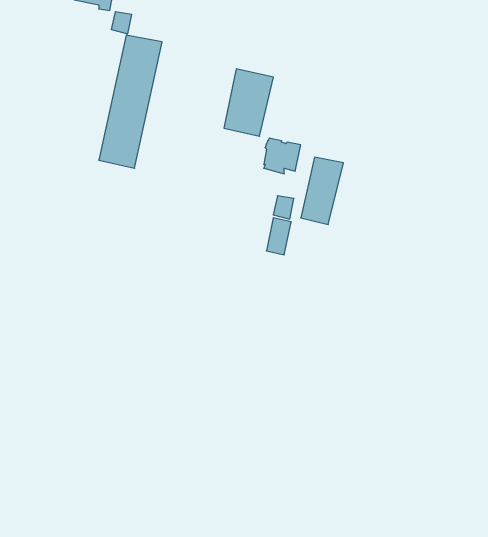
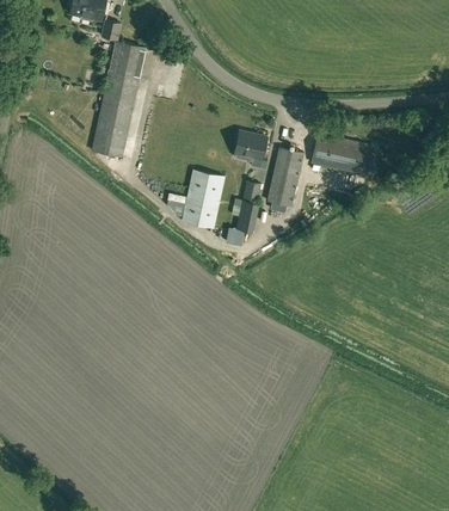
building: [224,69,273,136] -> [182,170,224,228]
building: none -> [310,133,377,177]

